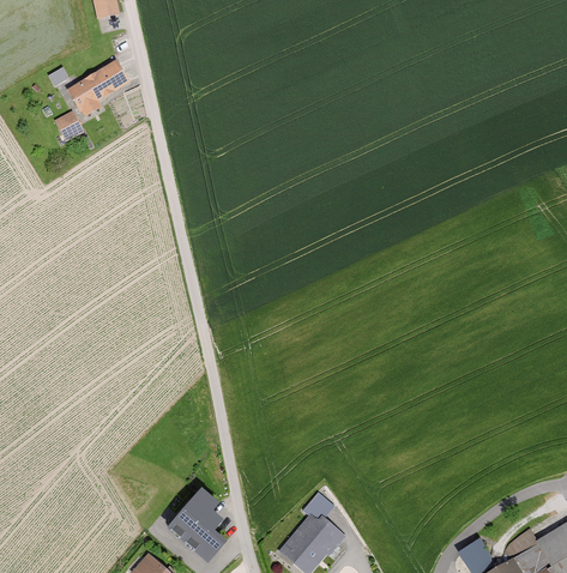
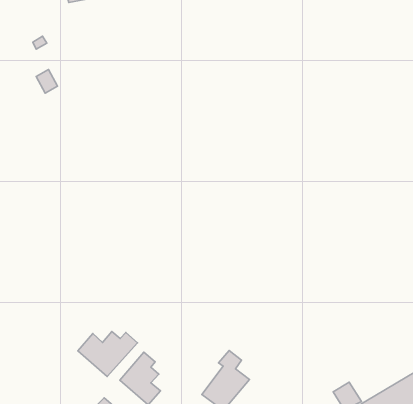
building: [68,61,132,120] -> none
building: none -> [78,331,138,377]

